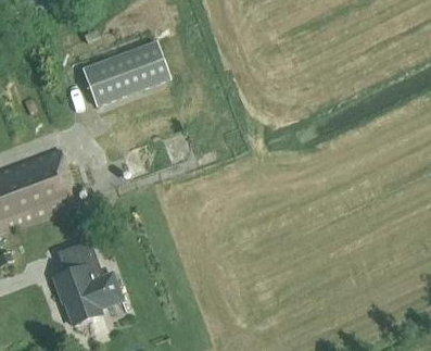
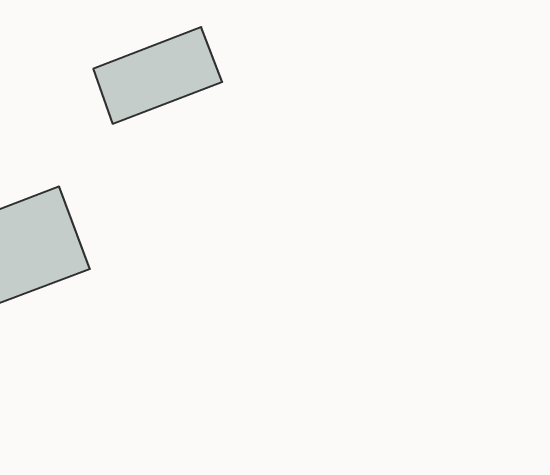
building: [54,240,123,325] -> none

